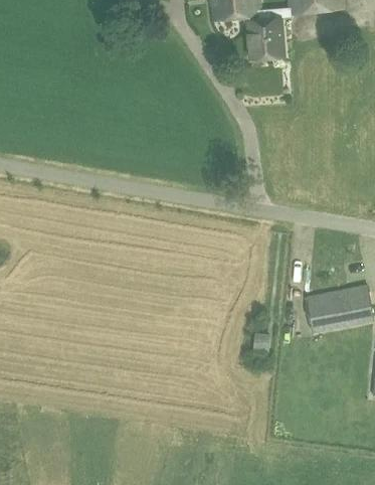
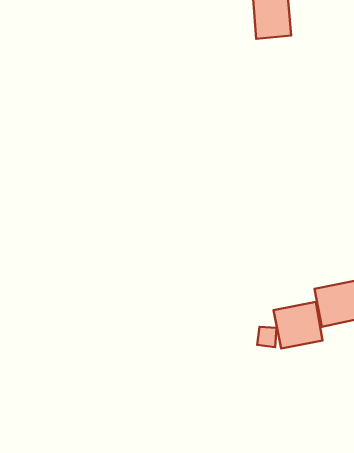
building: none -> [274,302,322,348]

